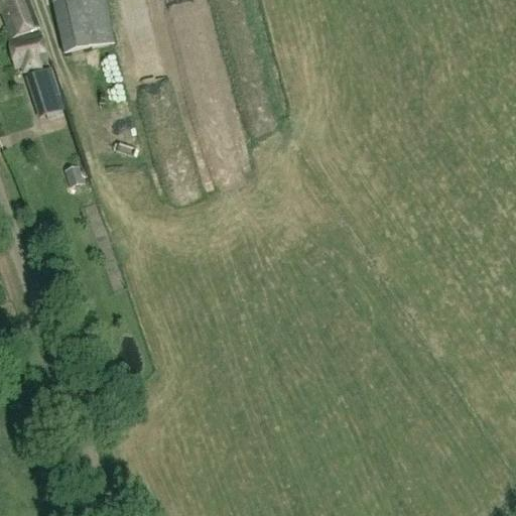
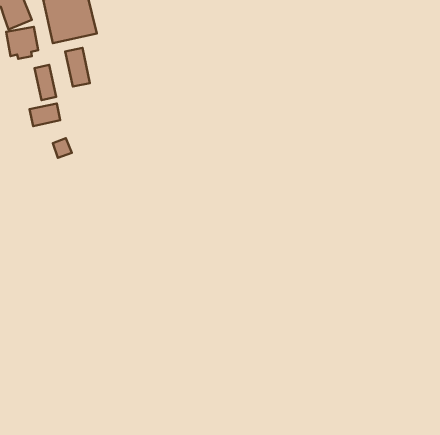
building: none -> [65,48,90,86]
building: none -> [30,103,60,126]

